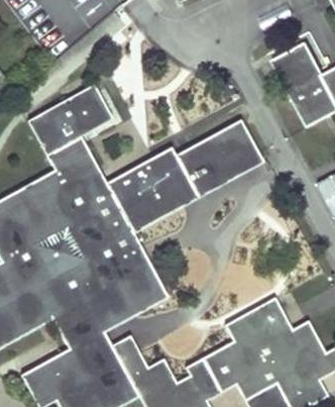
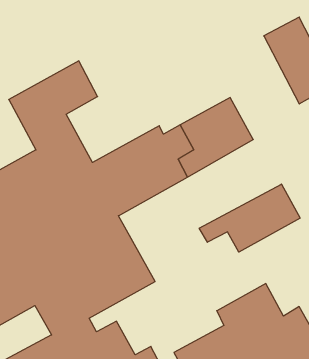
building: none -> [199,184,300,252]

